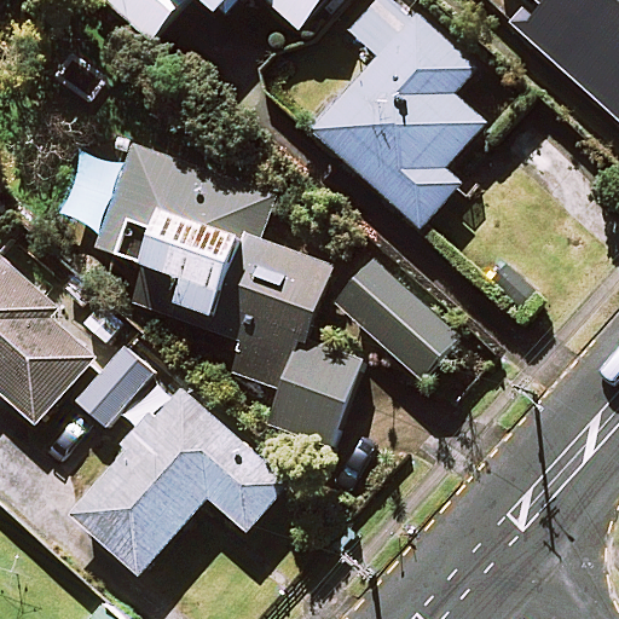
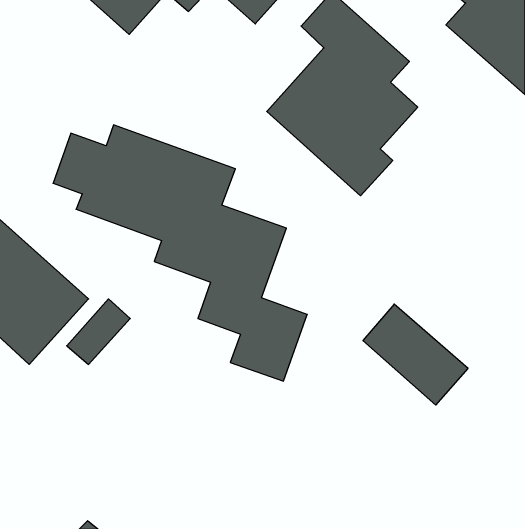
building: [335,260,457,377] -> [363,304,468,405]
building: [66,387,287,573] -> none

